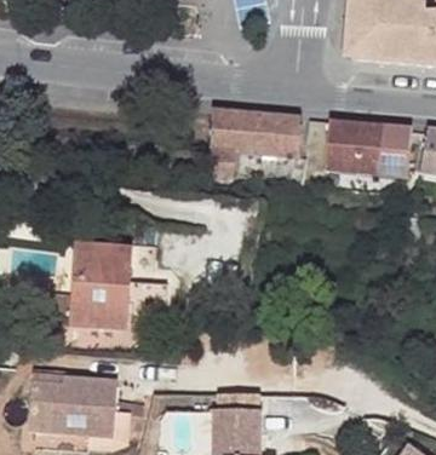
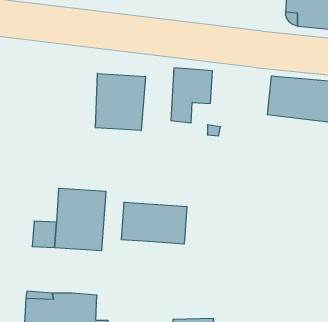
building: [257,111,302,154] -> none
building: none -> [95,73,145,131]
building: none -> [121,202,187,244]

